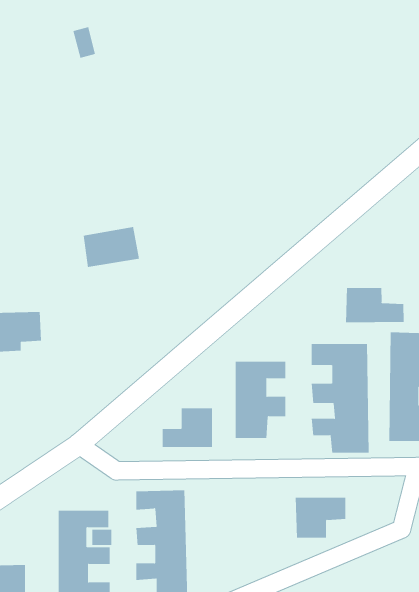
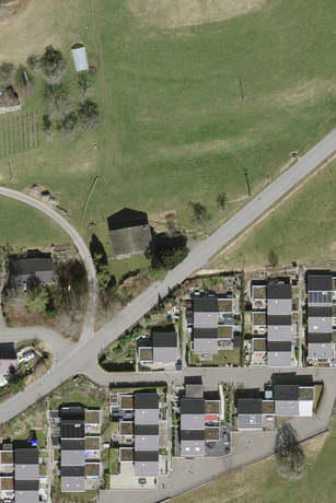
building: [83,227,140,268] -> [109,224,152,255]
building: [345,287,404,323] -> none
building: none -> [181,384,221,455]
building: none -> [277,385,314,416]

